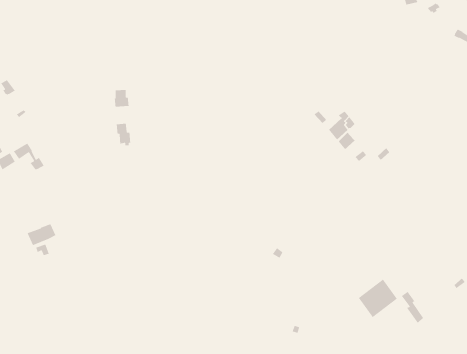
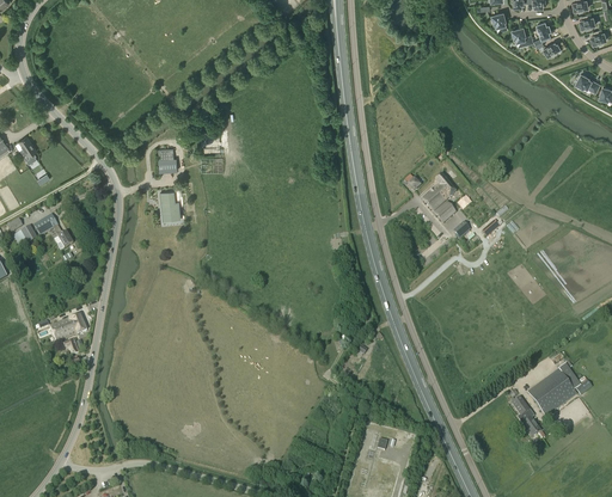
building: [358,278,398,318] -> [527,369,576,418]

